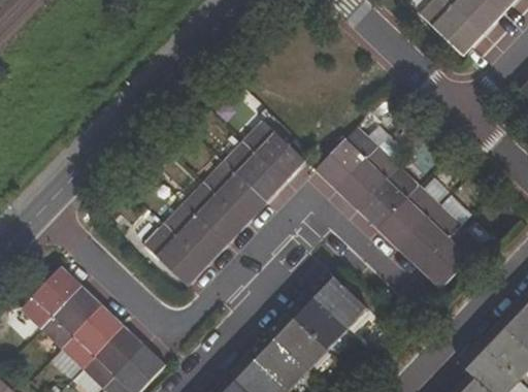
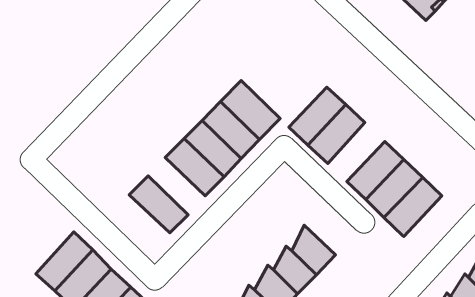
building: [357,165,419,229] -> none
building: [162,203,224,265] -> none
building: [20,266,81,329] -> none

